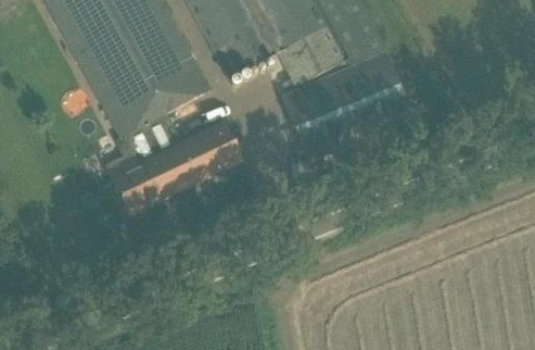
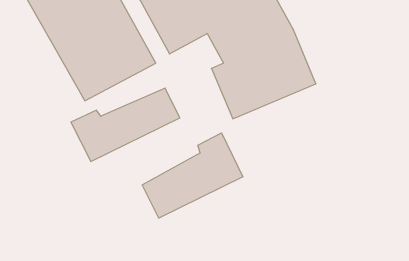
building: none -> [142,133,243,218]

